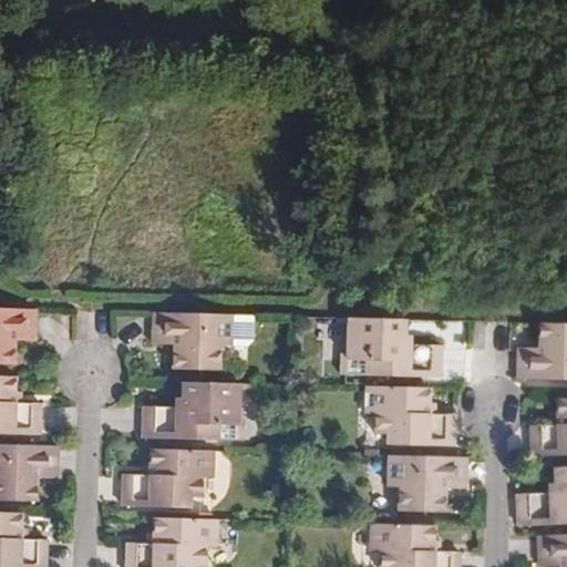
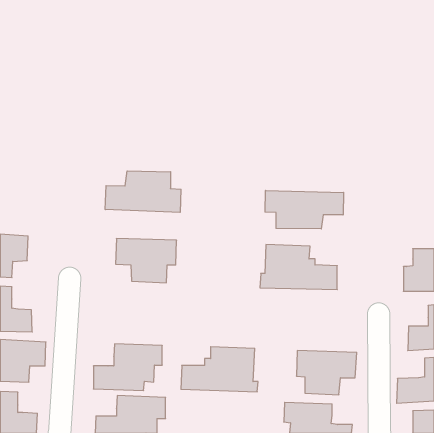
building: none -> [105,171,181,212]
building: none -> [265,190,344,229]
building: [143,382,244,441] -> [181,347,258,392]
building: [365,391,455,447] -> none

